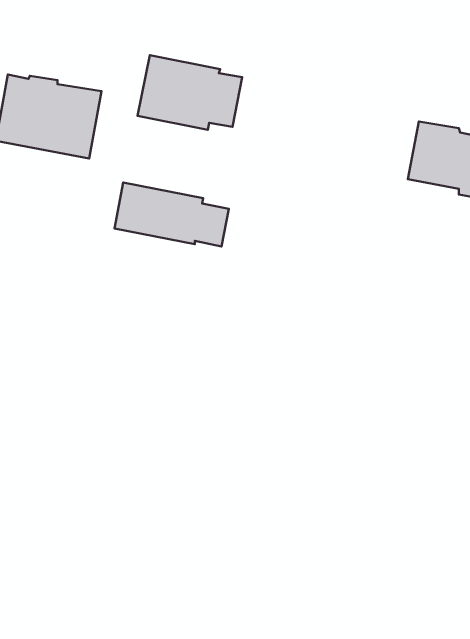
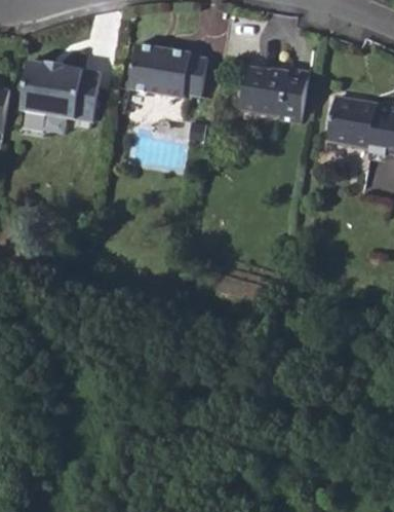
building: none -> [239,70,307,127]
building: [115,182,229,247] -> none

